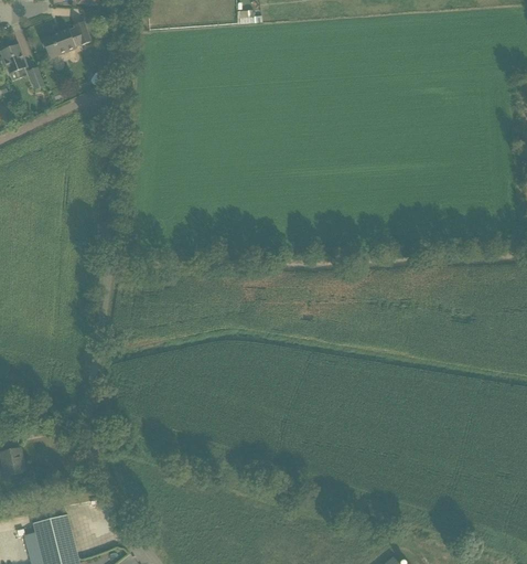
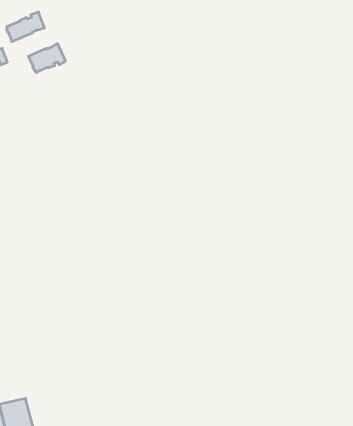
building: none -> [28,44,65,73]

